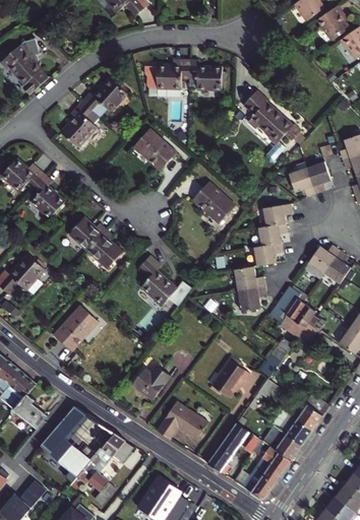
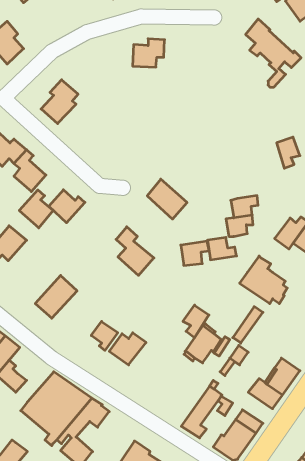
building: [188,60,222,90] -> none
building: [81,78,126,117] -> none
building: [243,89,301,160] -> [246,19,301,87]
building: [133,129,175,171] -> none
building: [288,168,314,197] -> none
building: [192,182,234,223] -> [147,179,187,219]
building: [263,203,292,225] -> none
building: [86,230,122,269] -> [19,190,53,228]
building: [237,285,266,311] -> [181,241,209,265]
building: none -> [183,305,209,338]
building: none -> [91,321,118,350]
building: [157,401,207,439] -> none
building: [262,425,302,460] -> none

